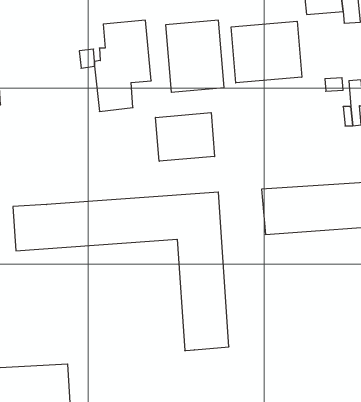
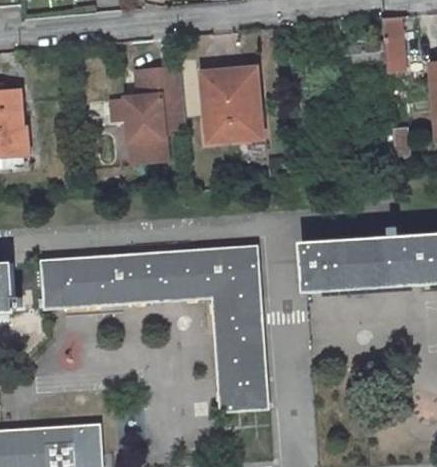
building: [231,21,302,83] -> none
building: [156,113,215,161] -> none

